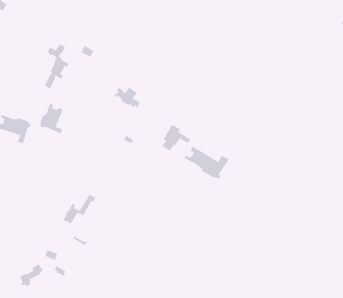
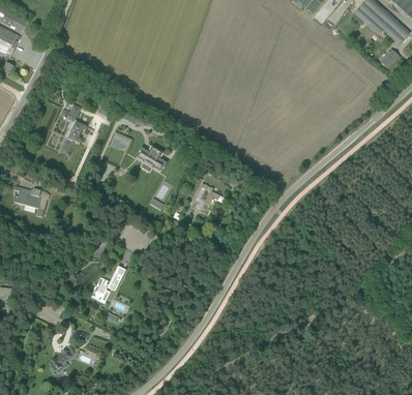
building: [39,103,64,134] -> none
building: [184,146,229,179] -> none

